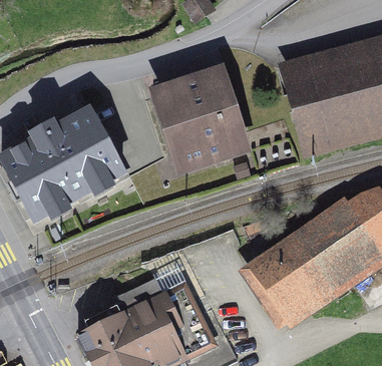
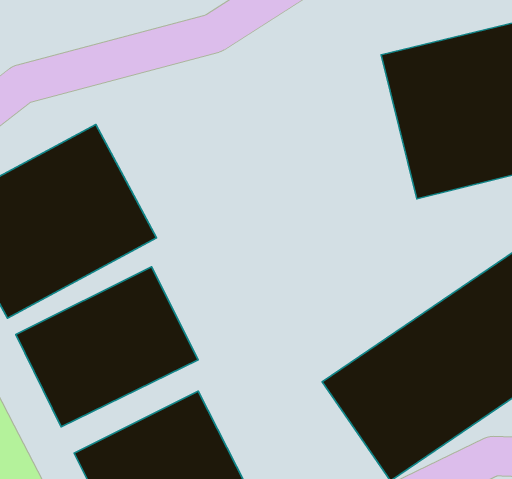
building: [150,63,255,168] -> none
building: none -> [16,267,198,427]

